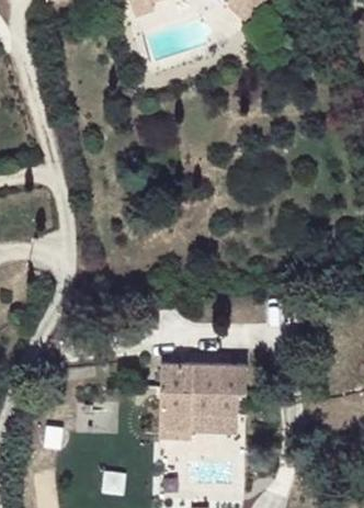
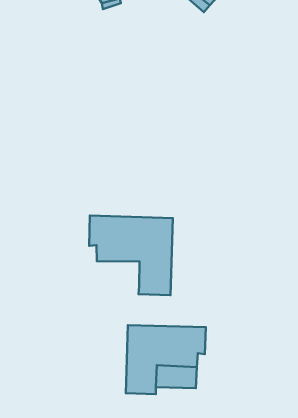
building: none -> [89,215,173,295]

